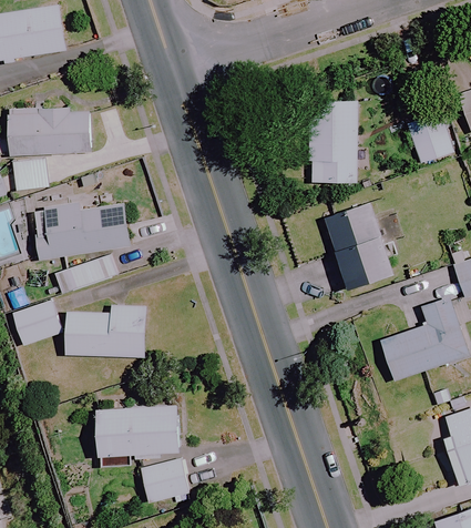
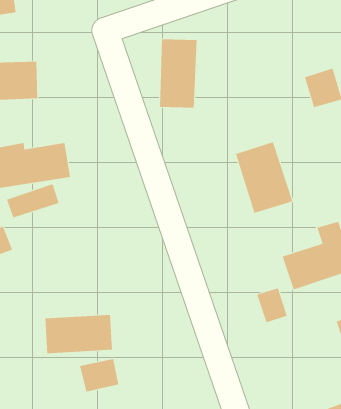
building: [313,101,358,183] -> [159,39,197,108]
building: [64,305,146,357] -> none
building: none -> [257,288,287,323]

